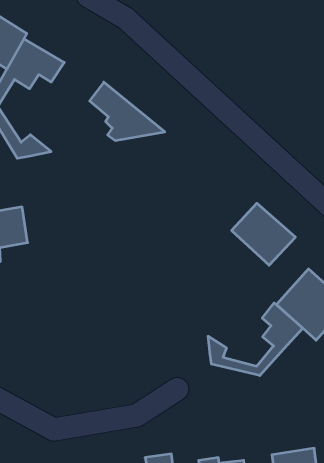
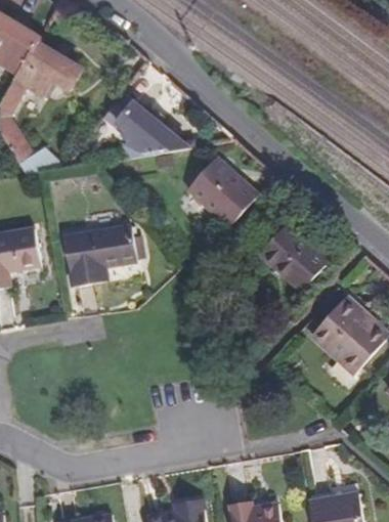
building: none -> [188,156,259,226]
building: none -> [63,225,136,286]
building: [208,303,303,376] -> none

